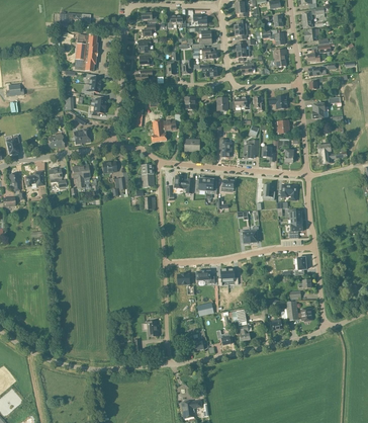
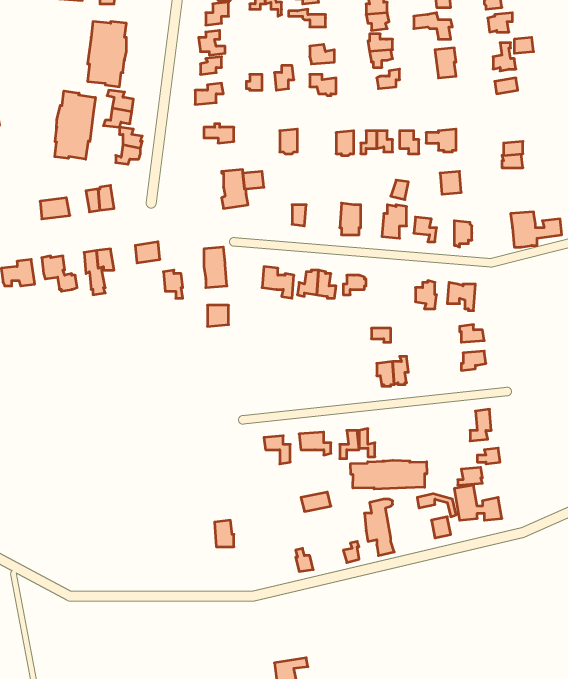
building: none -> [55,91,95,159]
building: none -> [351,460,427,489]

